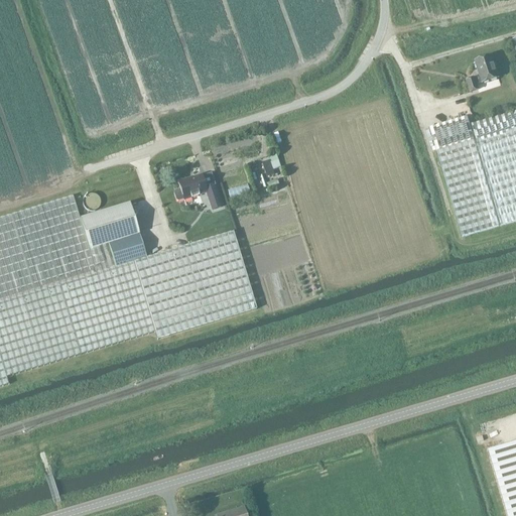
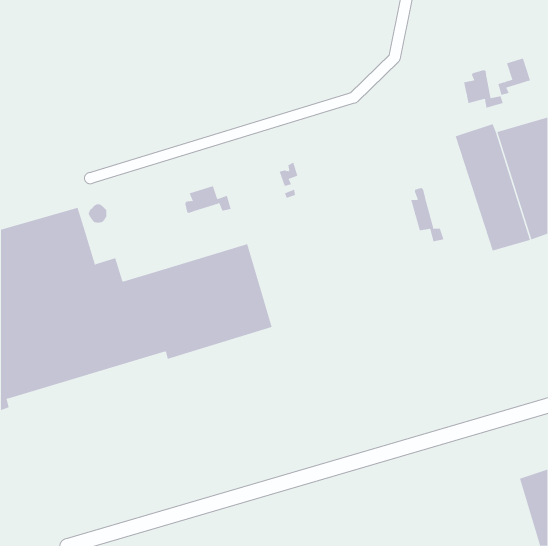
building: none -> [464,69,504,108]
building: none -> [411,187,444,242]
building: [81,203,146,264] -> none

